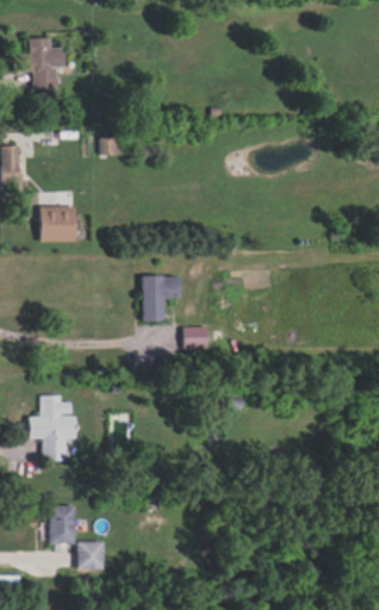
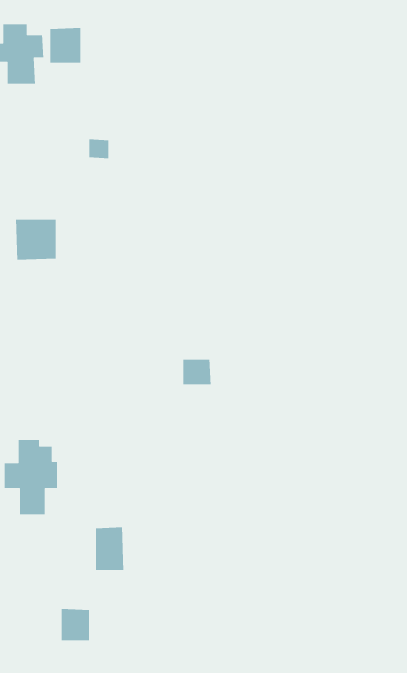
building: none -> [49,27,81,63]
building: [142,275,180,322] -> none
building: [50,505,75,543] -> [95,526,124,571]

